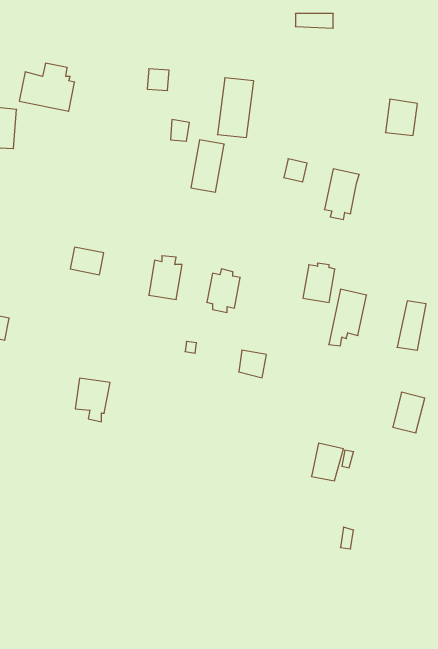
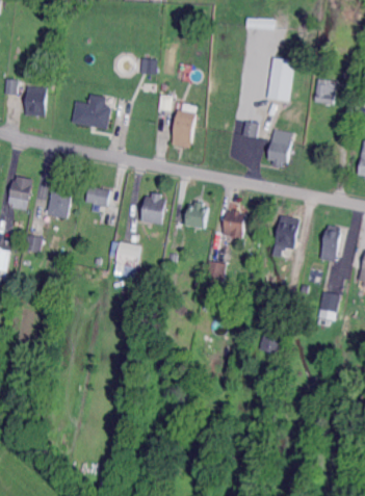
building: [19,63,75,111] -> [73,95,112,129]
building: [217,78,254,137] -> [266,58,292,101]
building: none -> [48,185,73,217]
building: [303,263,335,302] -> [223,209,245,237]
building: [75,378,110,422] -> [116,241,141,272]

